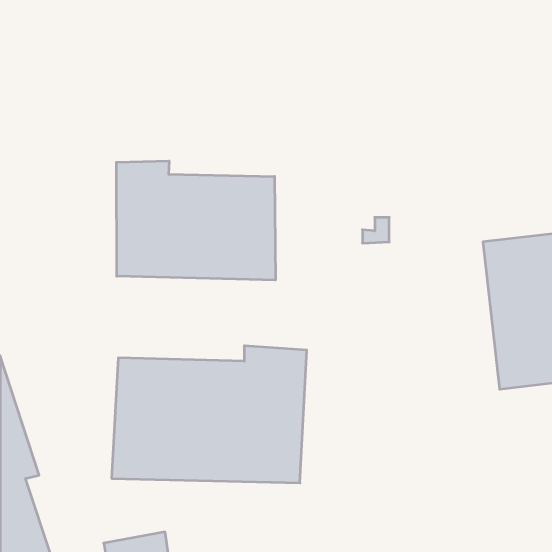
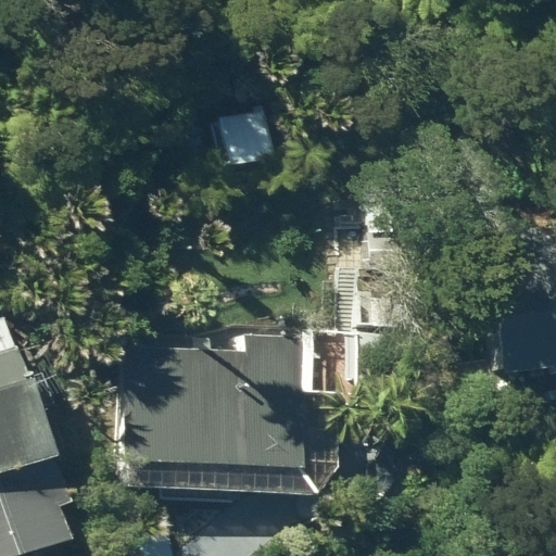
building: [116,161,275,280] -> none

